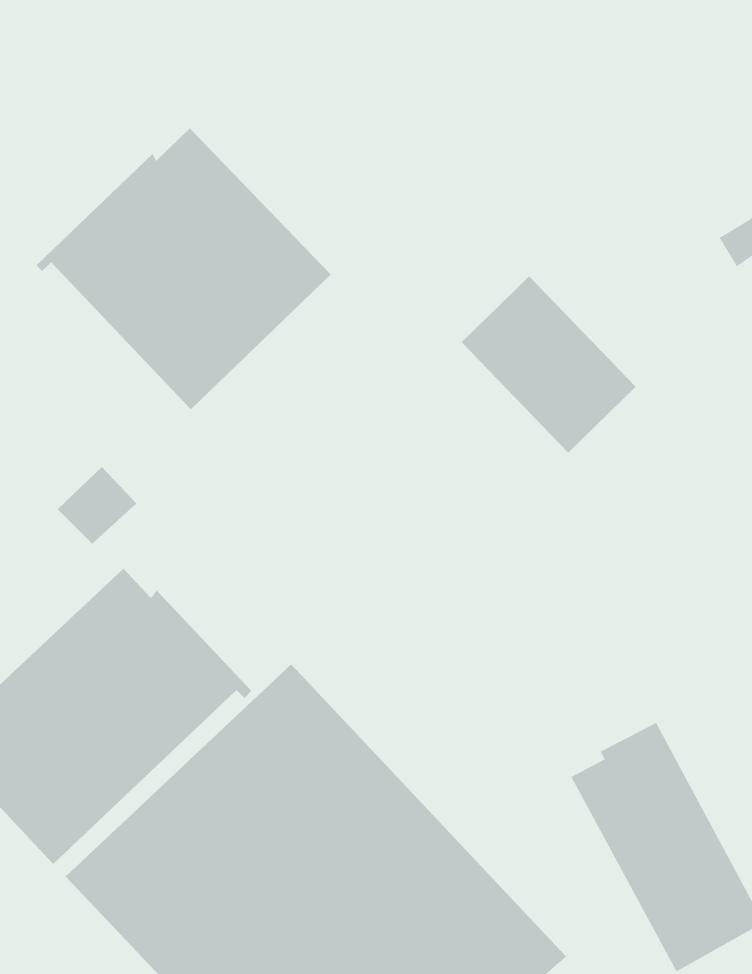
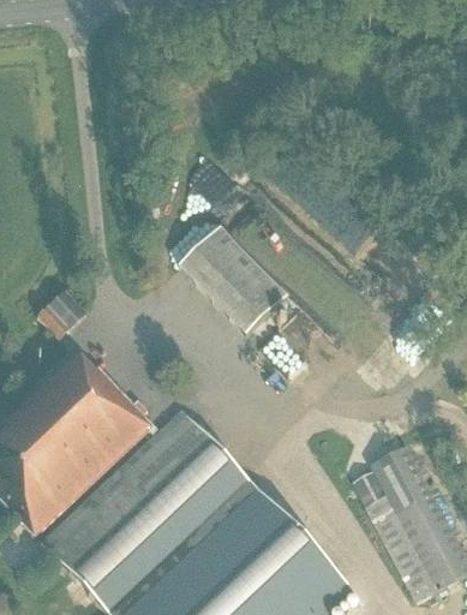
building: [36,128,332,410] -> none
building: [461,276,636,453] -> [181,225,289,334]

